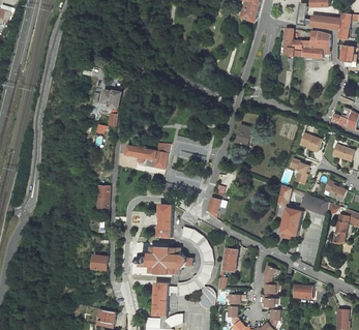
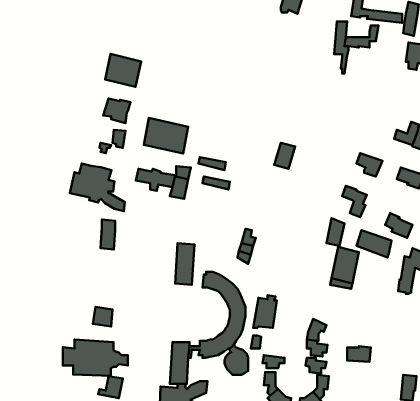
building: [302,31,330,58] -> none
building: none -> [105,54,141,87]
building: none -> [144,118,188,154]
building: none -> [70,164,125,211]
building: [141,245,192,274] -> [63,339,128,376]

